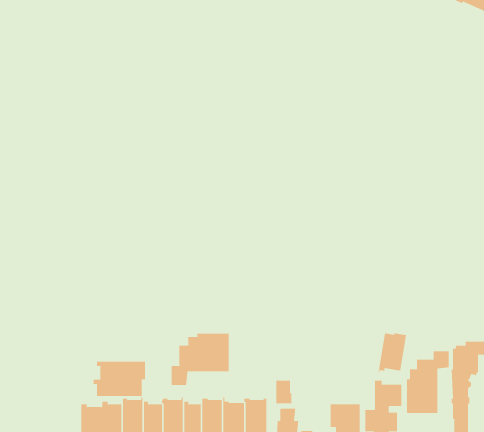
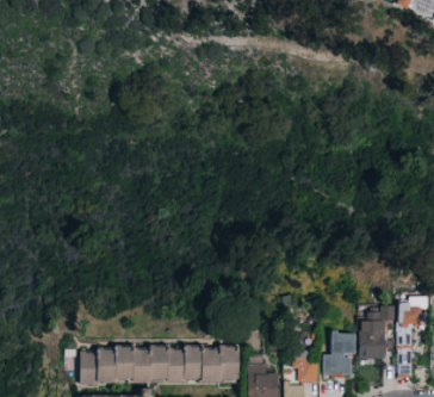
building: [378,332,406,374] -> none
building: [171,333,229,386] -> none
building: [93,361,146,397] -> none

